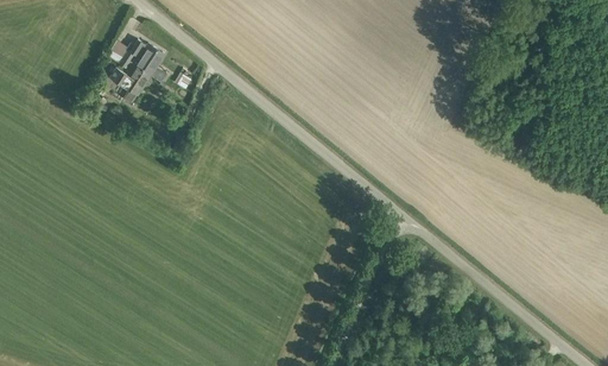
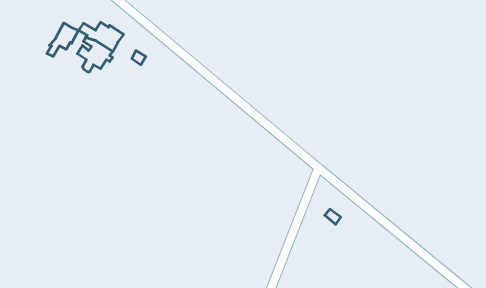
building: none -> [47,23,78,56]

